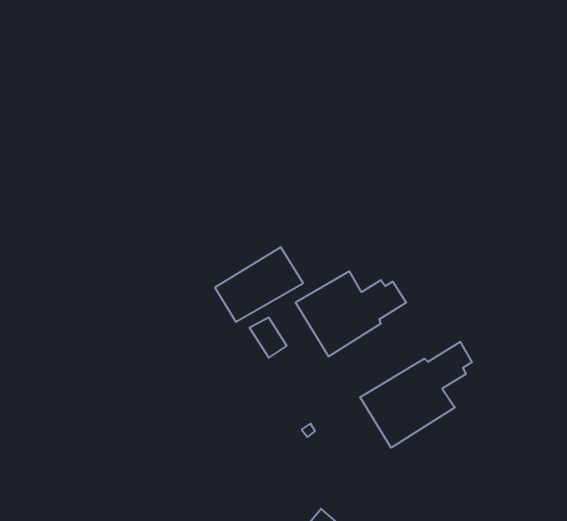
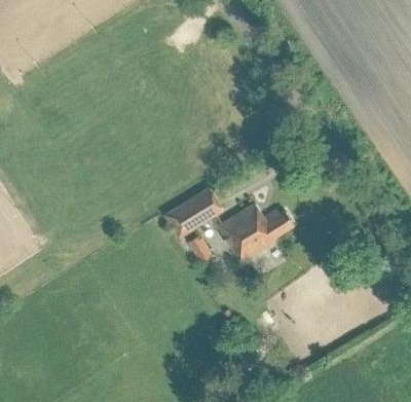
building: [360,342,472,448] -> none

